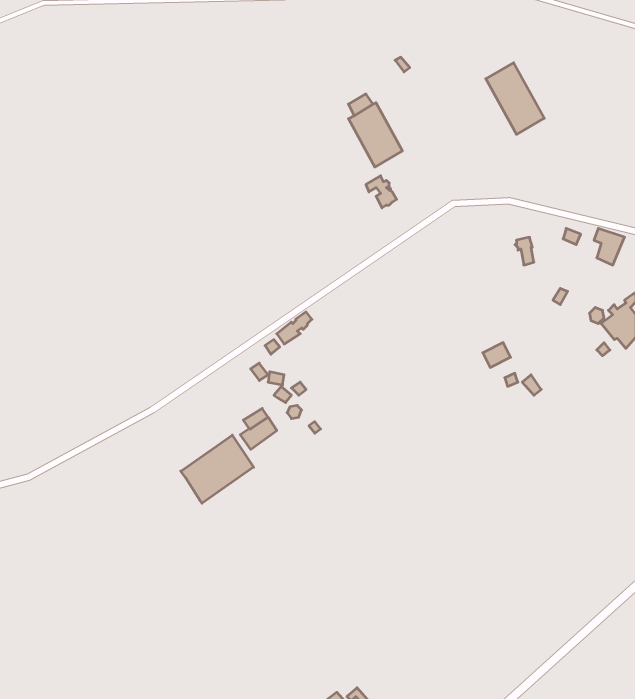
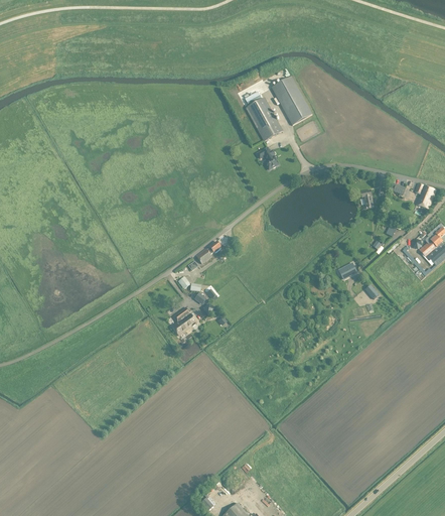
building: [486,63,544,134] -> [272,76,312,125]
building: [181,435,254,503] -> none

